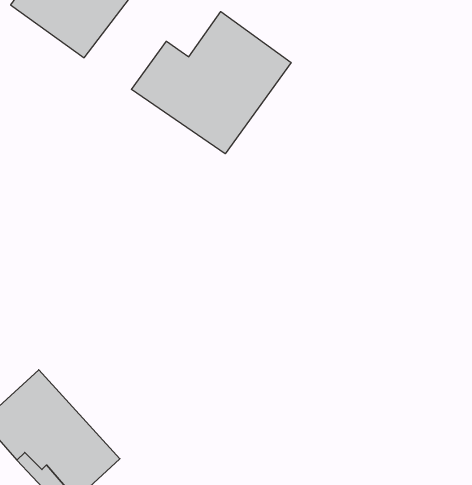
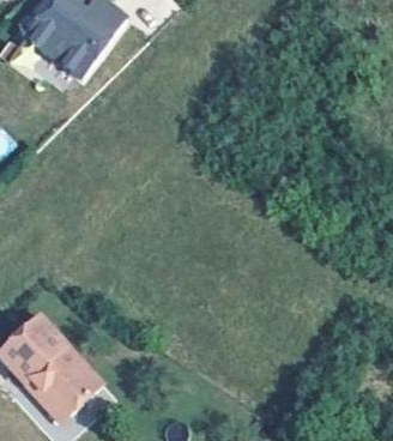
building: [131,12,291,154] -> none

